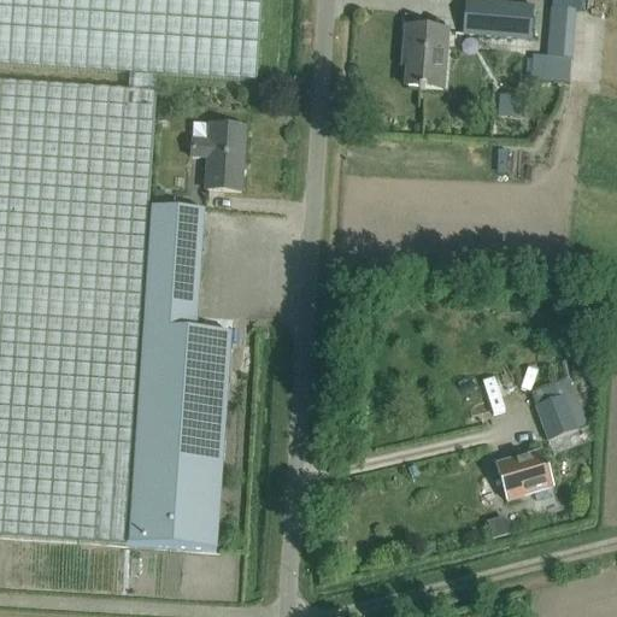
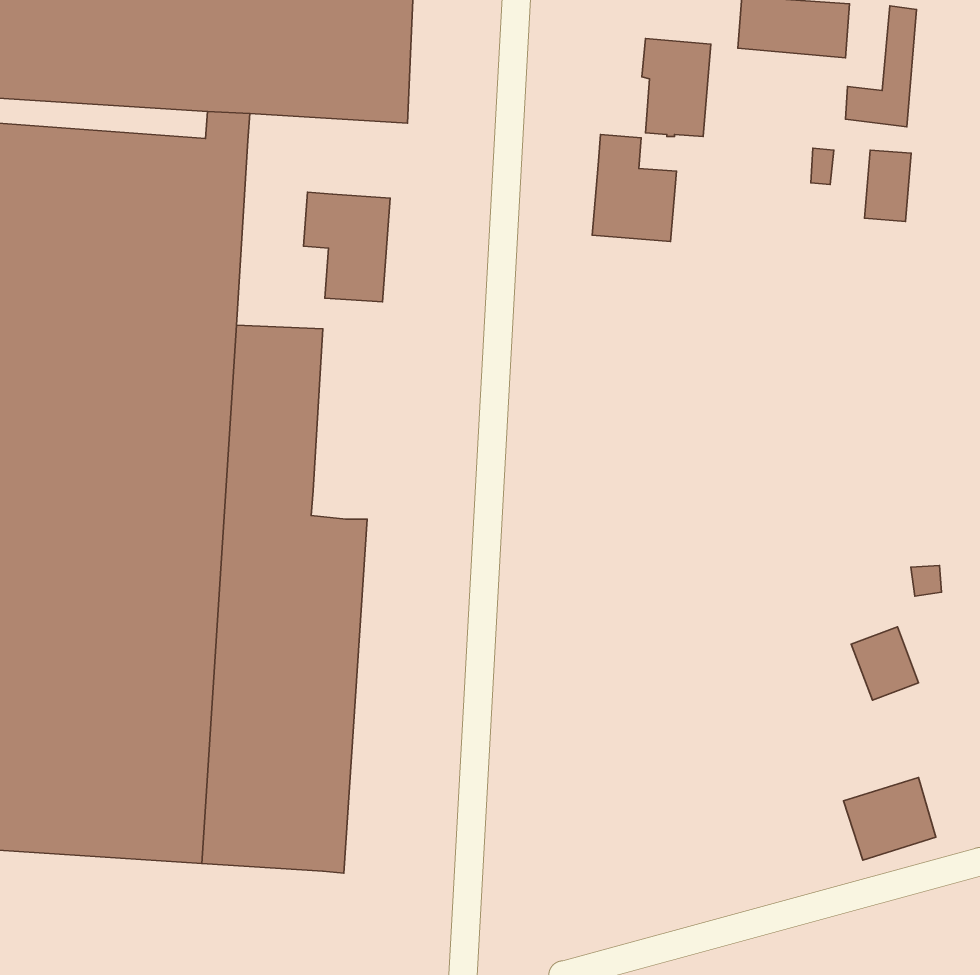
building: none -> [592,135,677,241]
building: none -> [865,150,911,221]
building: [494,447,552,499] -> [844,778,936,860]

